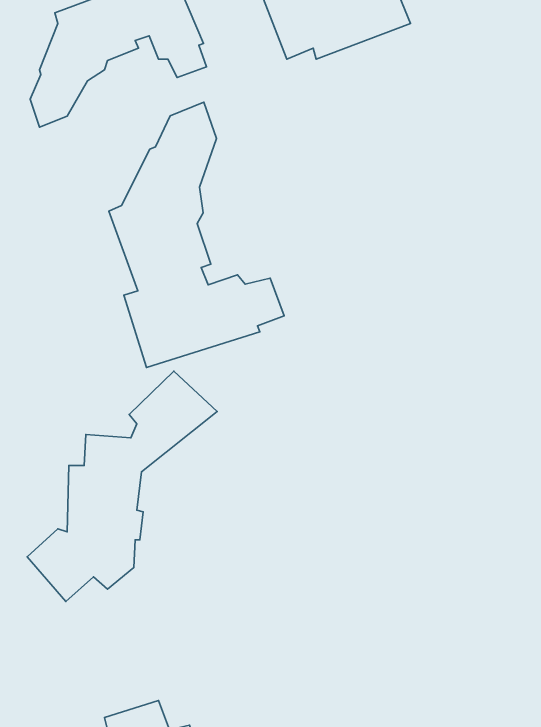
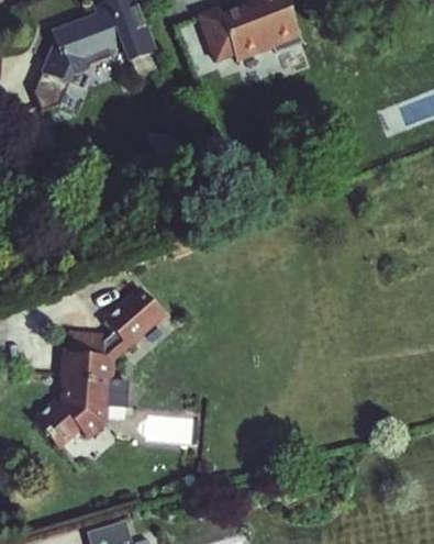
building: [109,102,284,368] -> none

